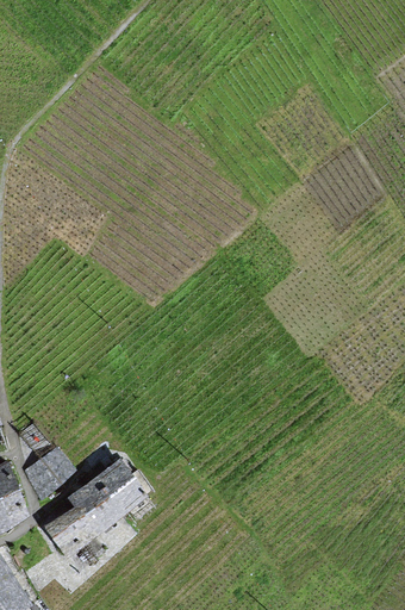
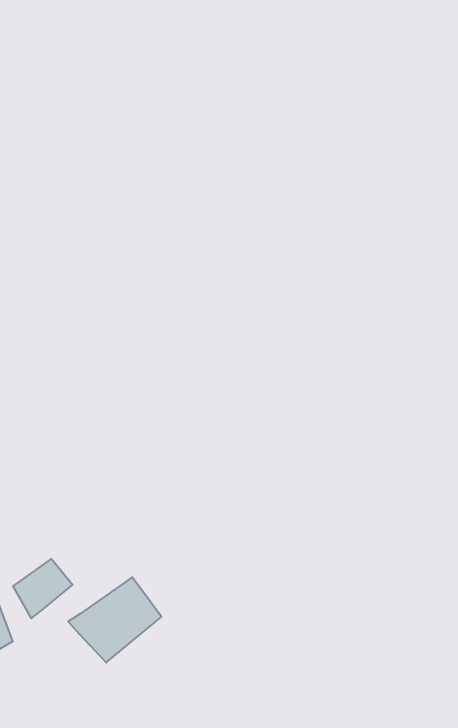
building: [45,508,99,555] -> none

